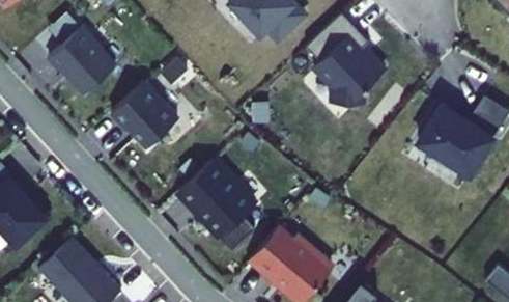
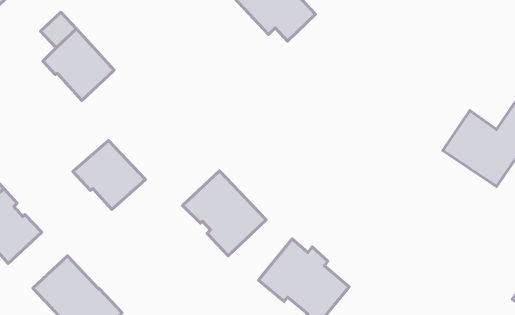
building: [304,11,384,104] -> none
building: [110,83,177,147] -> [73,140,145,210]

